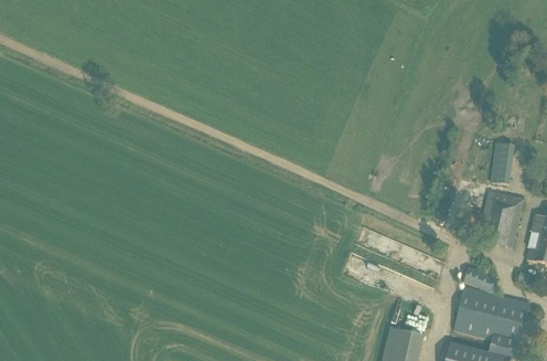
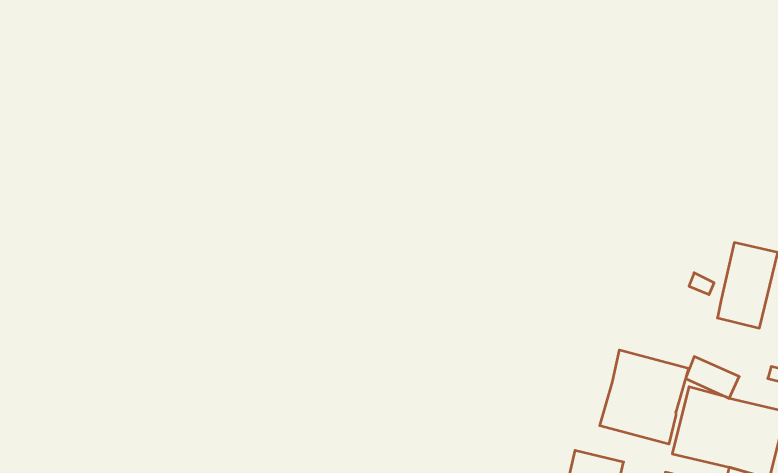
building: [489,140,513,184] -> none
building: none -> [600,350,689,444]

